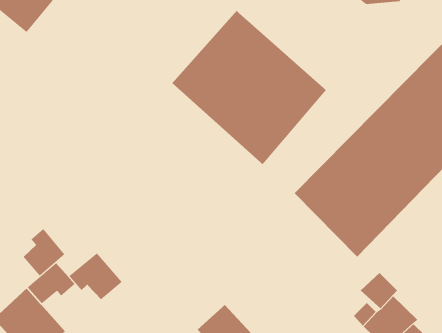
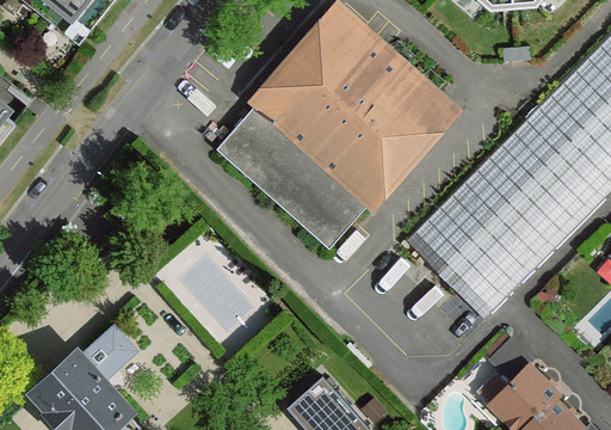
building: none -> [217,104,369,248]
building: [23,228,65,277] -> none
building: [69,252,122,300] -> none

